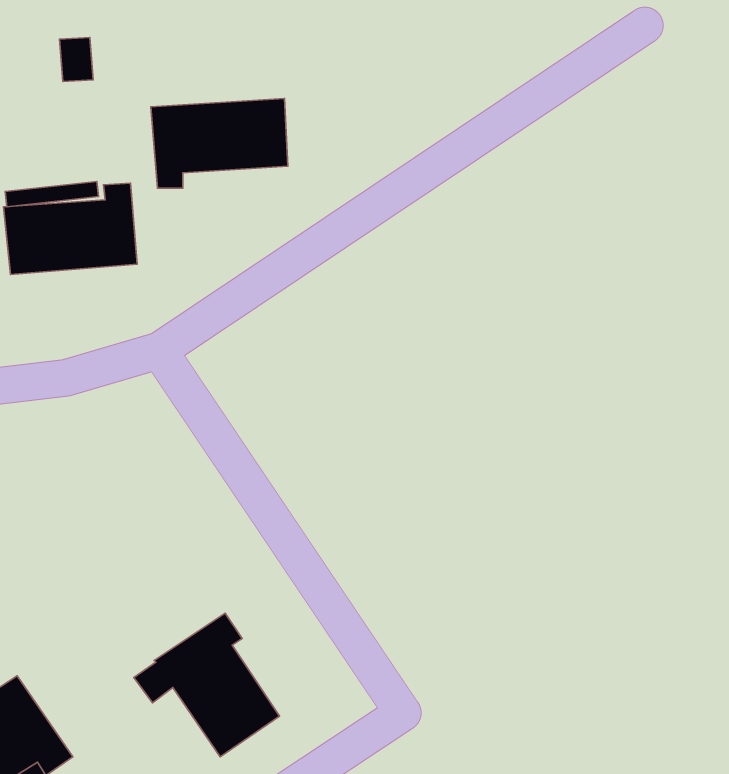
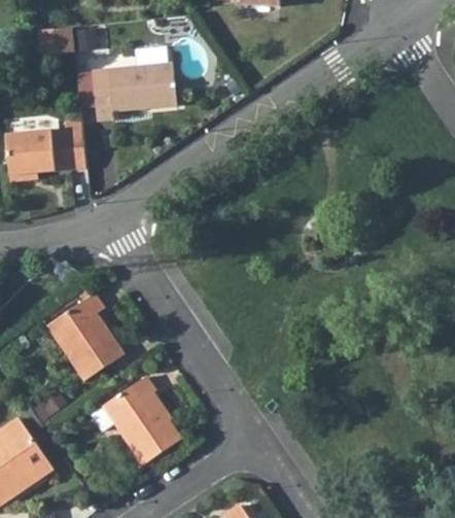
building: none -> [44,292,125,382]

